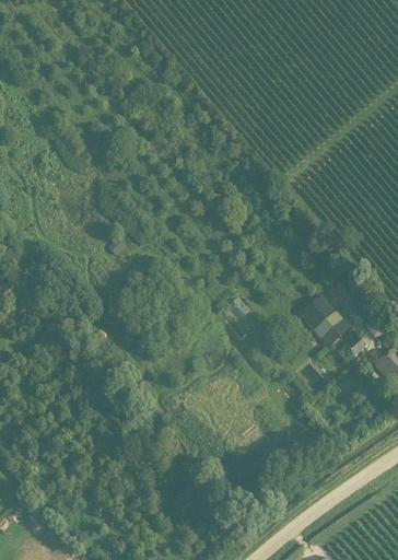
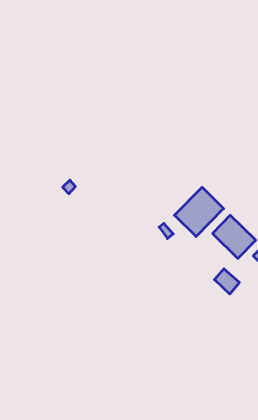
building: none -> [174,187,224,237]

